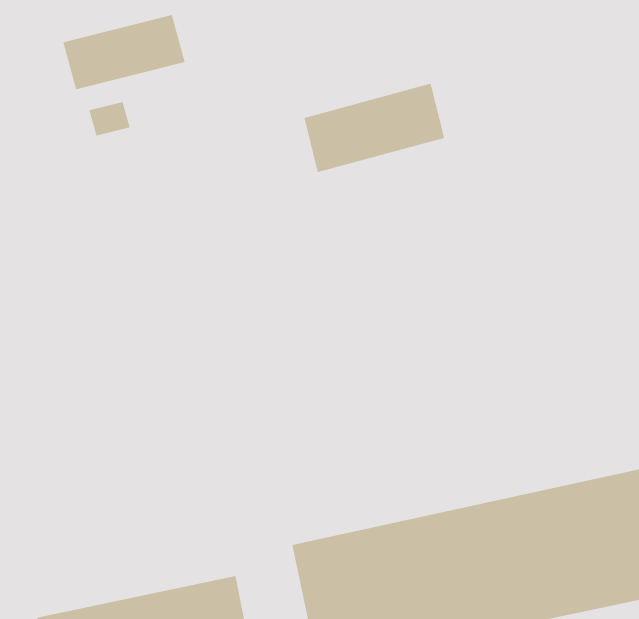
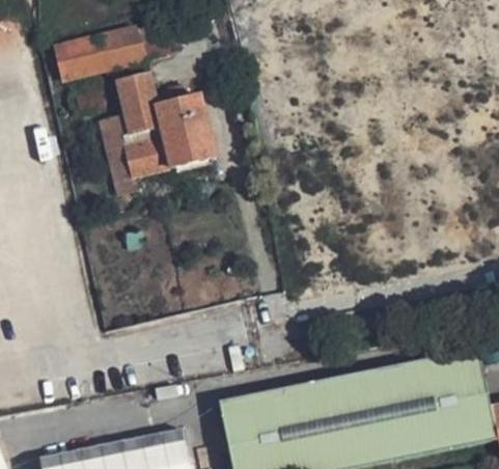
building: none -> [100,74,217,191]
building: [304,83,445,173] -> none

